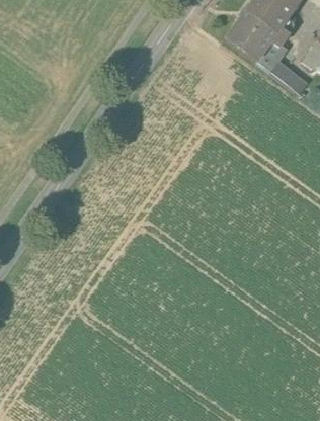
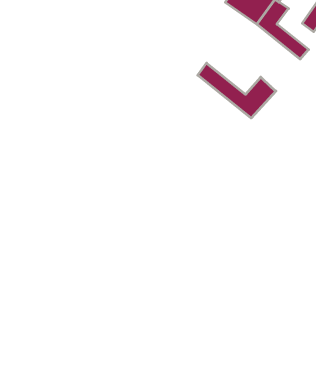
building: none -> [198,63,276,118]

